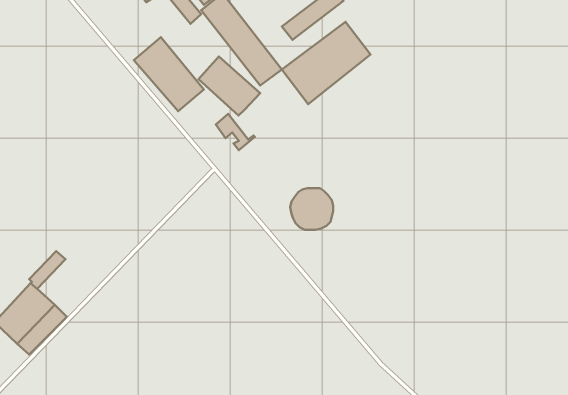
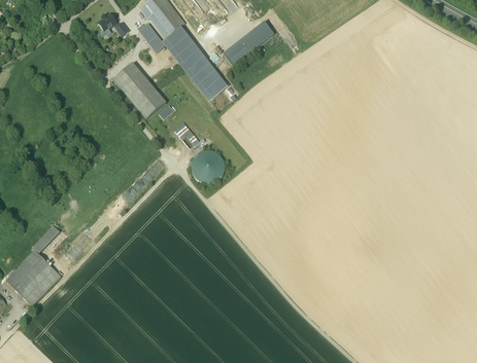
building: [282,22,371,104] -> none
building: [199,57,260,116] -> none
building: [290,188,333,230] -> [192,150,225,182]

